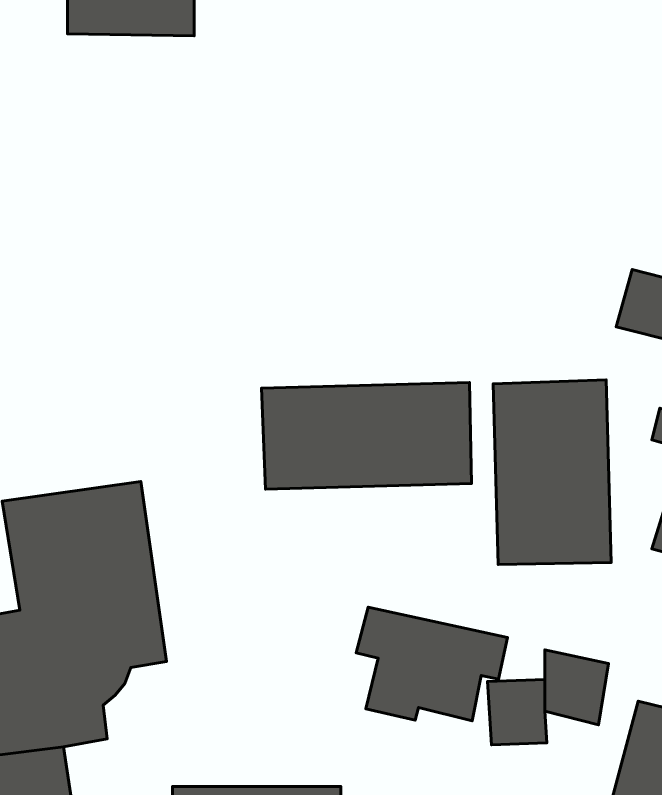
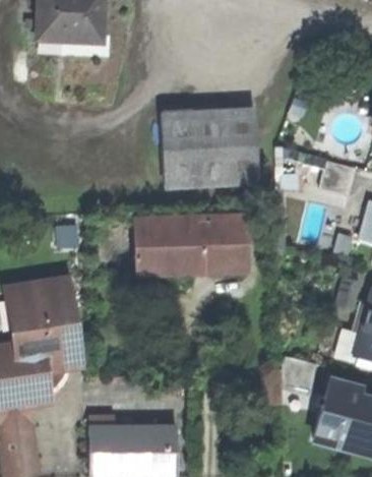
building: none -> [158,108,256,188]
building: [493,380,611,565] -> none
building: [356,607,508,721] -> none

